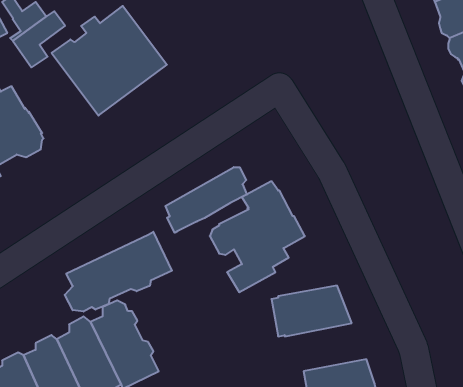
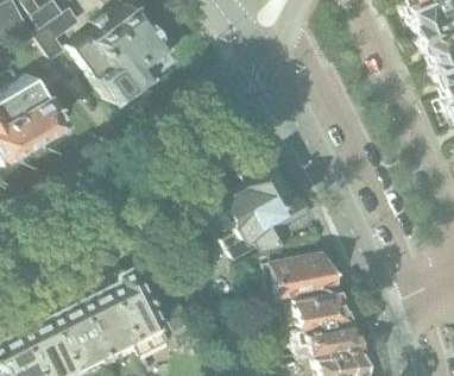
building: [165,167,247,233] -> none
building: [65,232,172,312] -> none
building: none -> [280,292,352,332]

